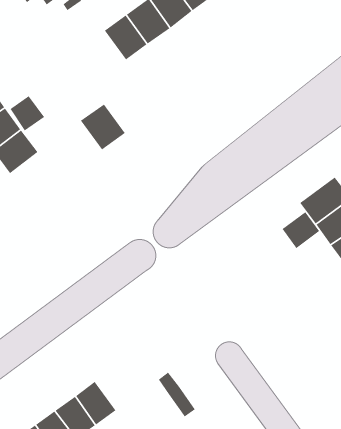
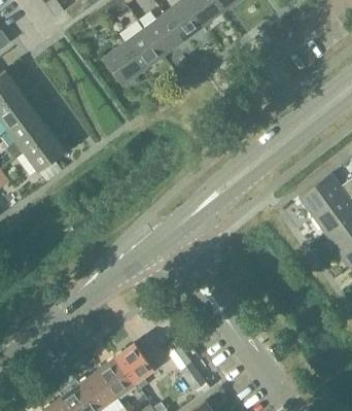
building: [10,95,45,132] -> none
building: [80,103,126,150] -> [102,43,143,85]
building: [281,211,320,249] -> none
building: none -> [115,344,153,384]

